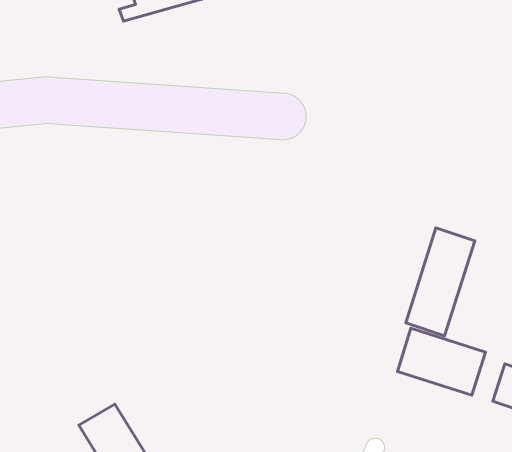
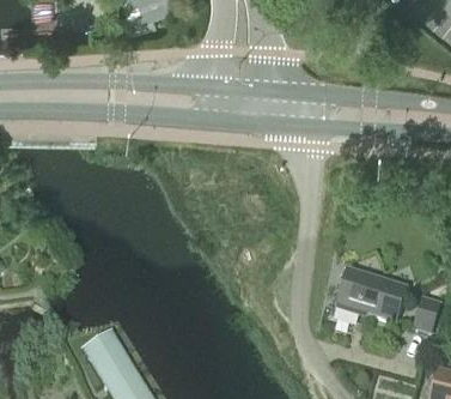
building: [406,228,475,336] -> none

